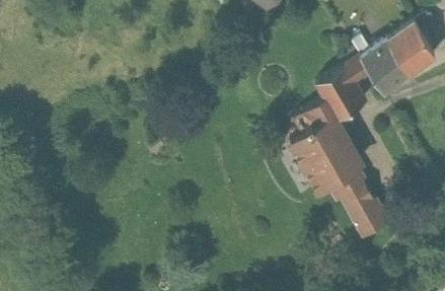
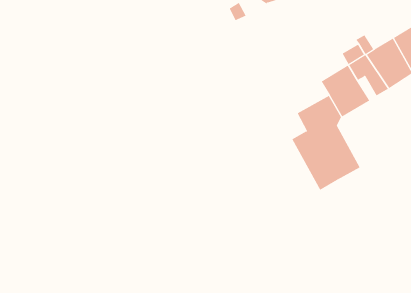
building: [336,163,387,228] -> none

